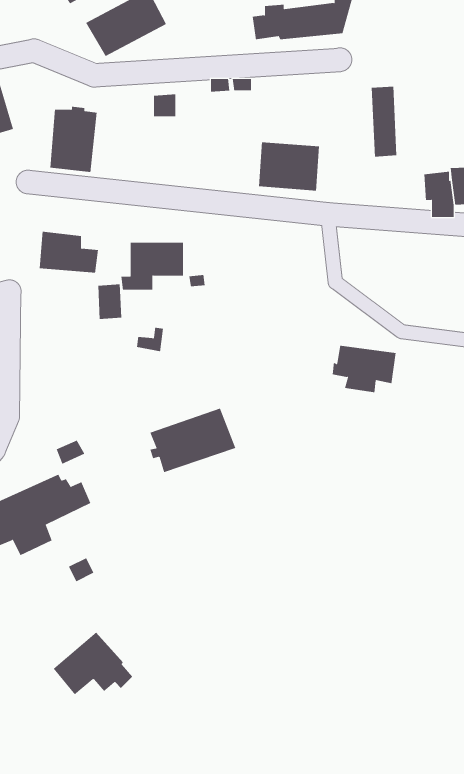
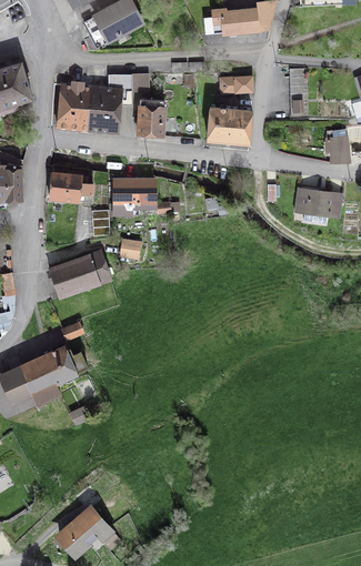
building: none -> [219,77,252,93]
building: none -> [87,85,121,132]
building: none -> [133,99,164,135]
building: [332,345,397,393] -> [293,189,340,223]
building: [150,408,236,473] -> [48,251,110,297]
building: [53,632,133,695] -> [59,508,117,554]

